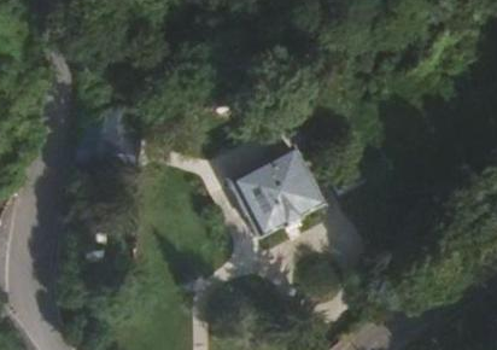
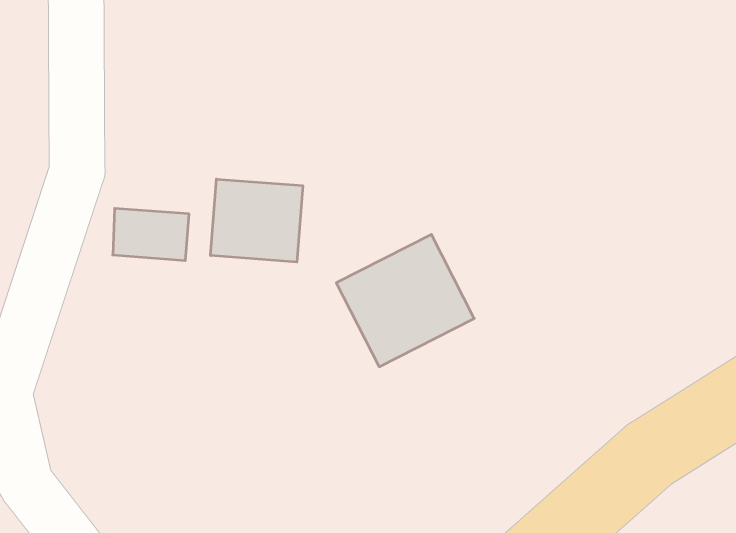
building: none -> [211,179,303,262]

